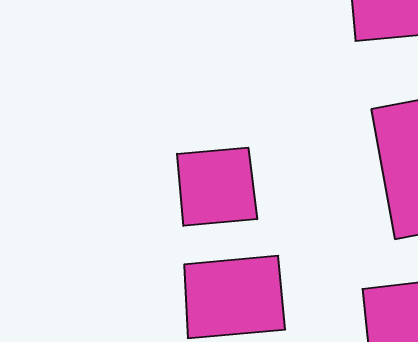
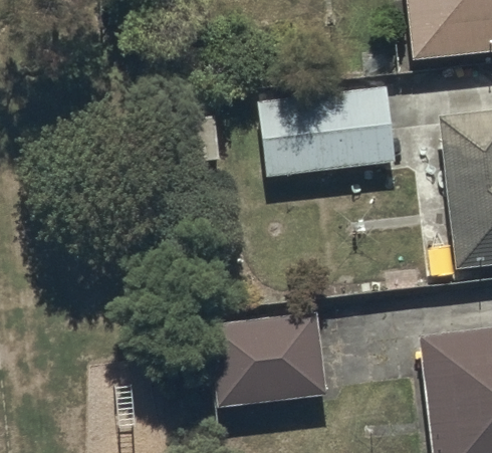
building: none -> [264,85,398,174]
building: [177,148,257,226] -> none

